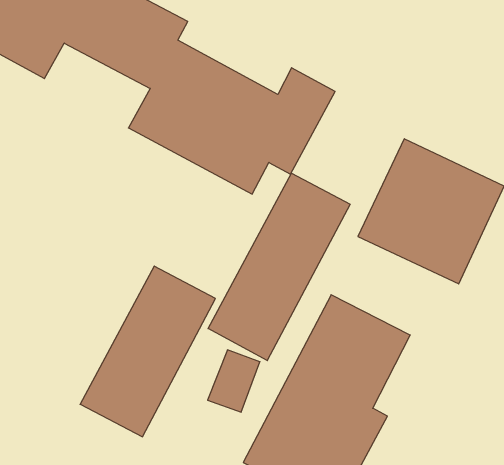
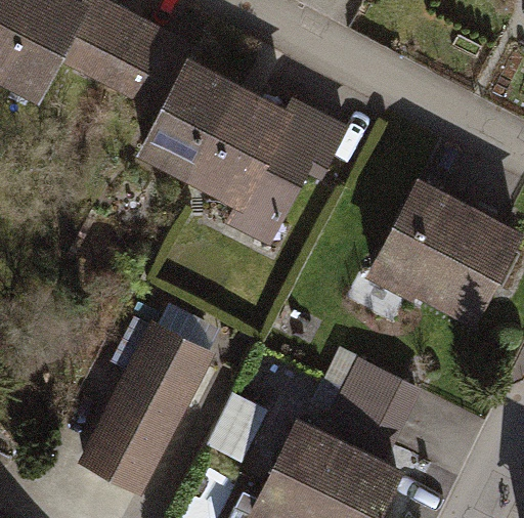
building: [208,173,350,361] -> none

